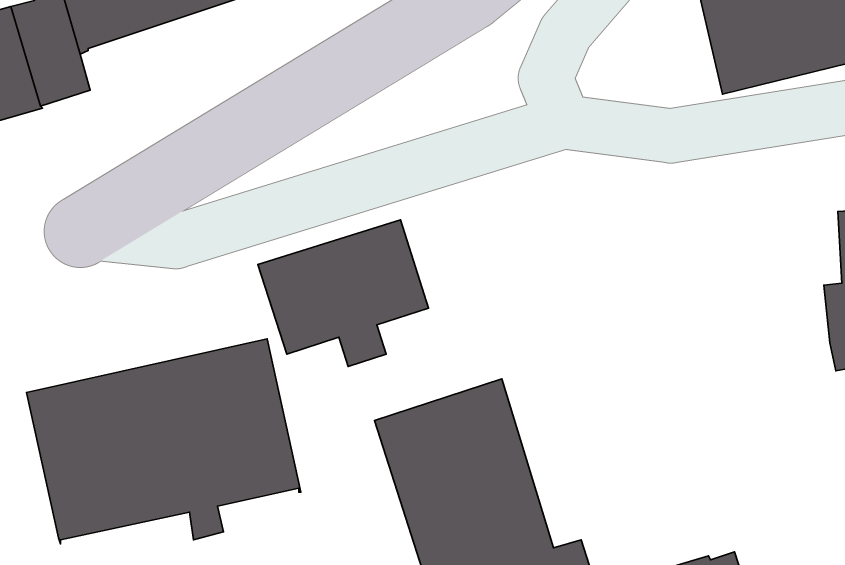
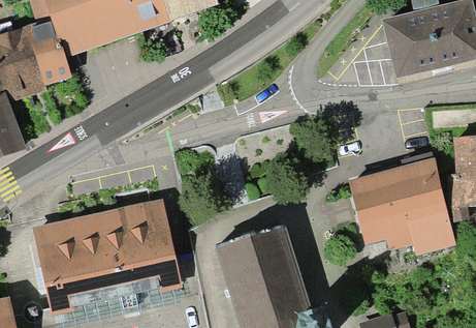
building: [258,220,429,367] -> none
building: none -> [350,153,453,252]

